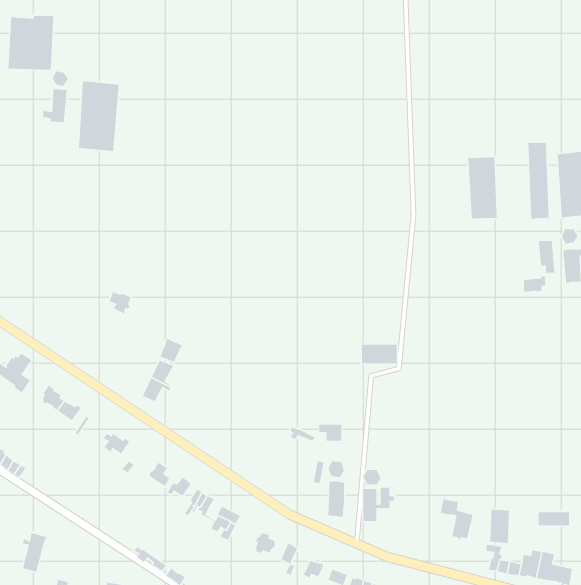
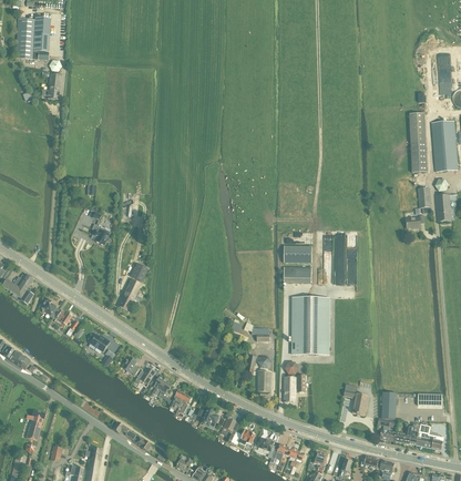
building: [78,81,120,152] -> none
building: [468,157,498,219] -> none
building: none -> [283,245,311,263]
building: none -> [290,297,329,355]

